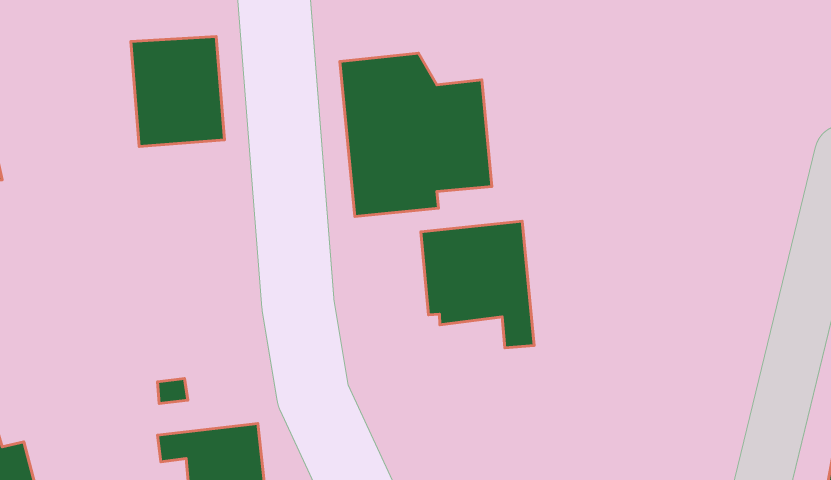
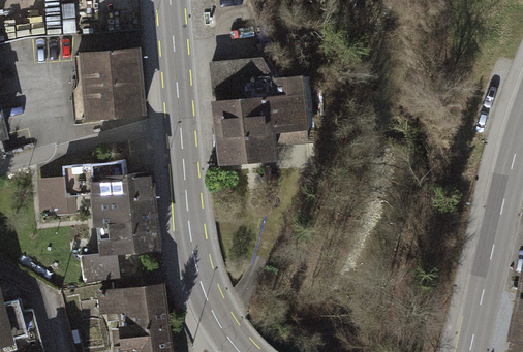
building: none -> [38,160,156,248]
building: [421,221,534,348] -> none

